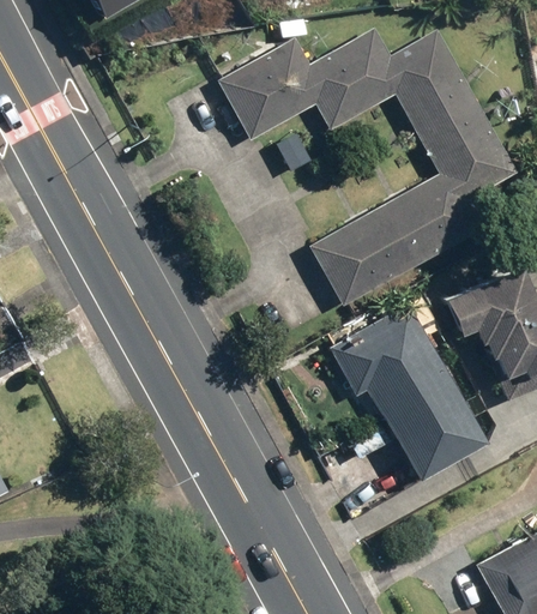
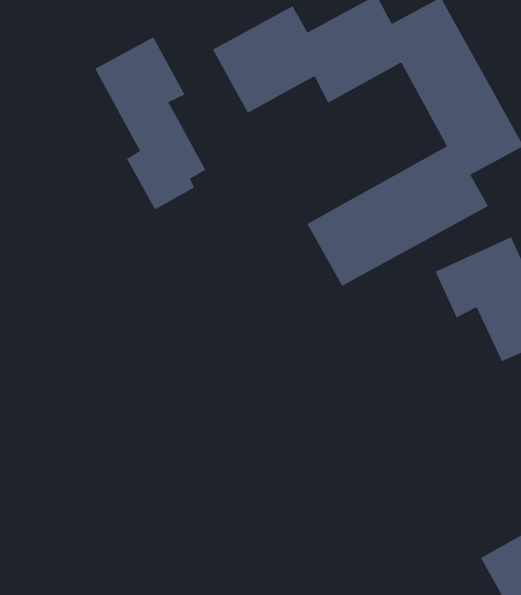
building: none -> [95,37,206,210]
building: [327,305,483,478] -> none

